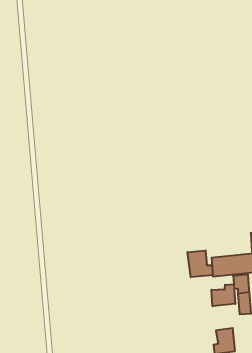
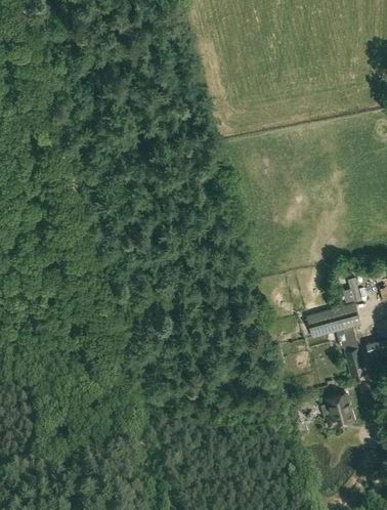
building: [187,250,213,277] -> none
building: [212,284,235,306] -> none

